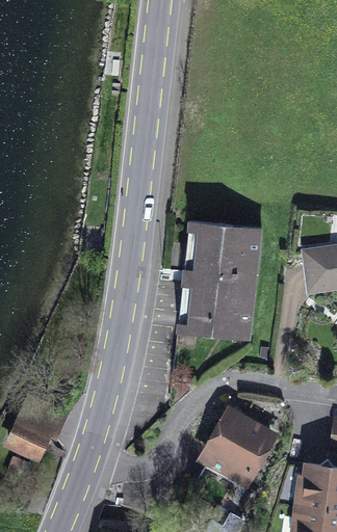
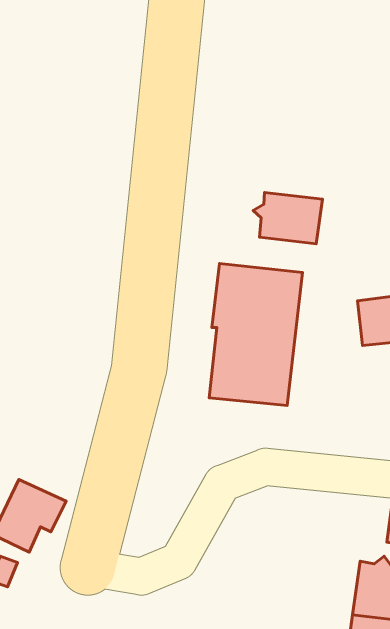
building: none -> [253,192,323,244]
building: [209,415,269,474] -> none

